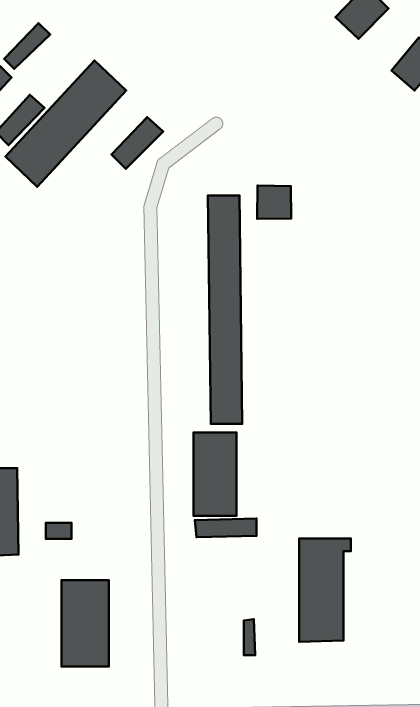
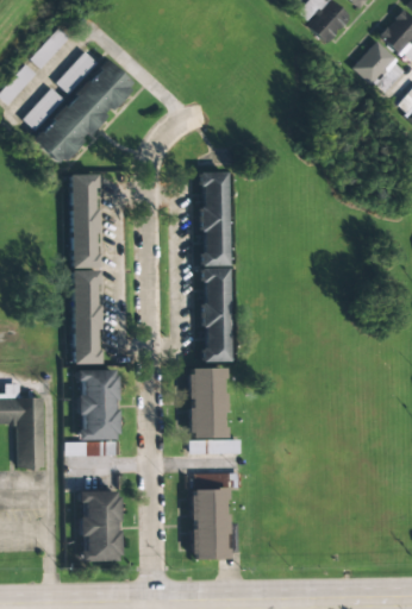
building: [111,117,163,169] -> [58,51,101,94]
building: [257,185,291,219] -> none
building: none -> [73,174,100,363]
building: none -> [80,370,118,440]
building: [299,538,351,642] -> [193,473,236,559]

